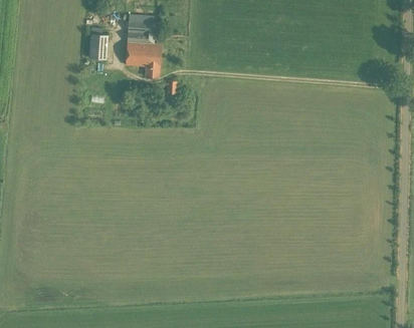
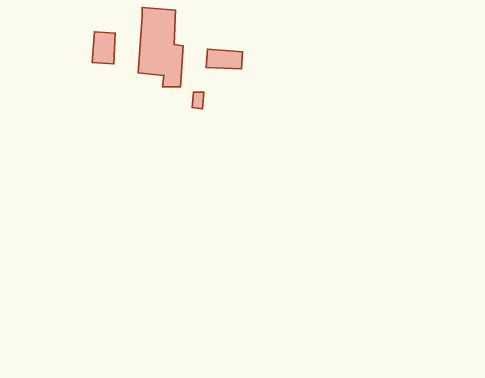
building: none -> [206,49,242,69]

